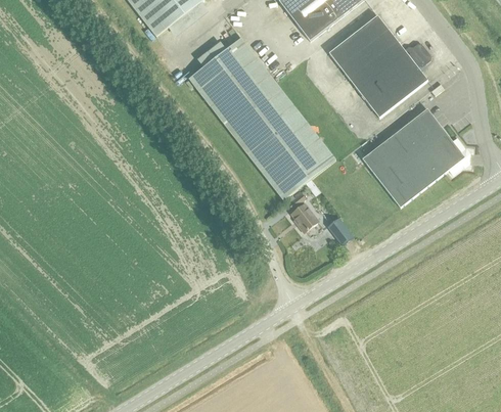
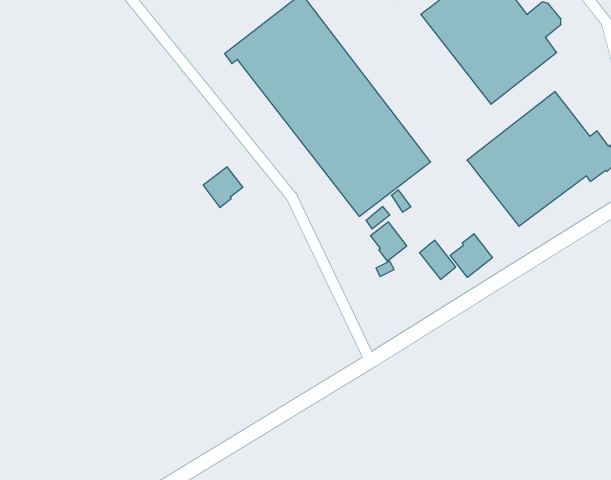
building: none -> [203,167,243,208]
building: none -> [450,234,492,277]

